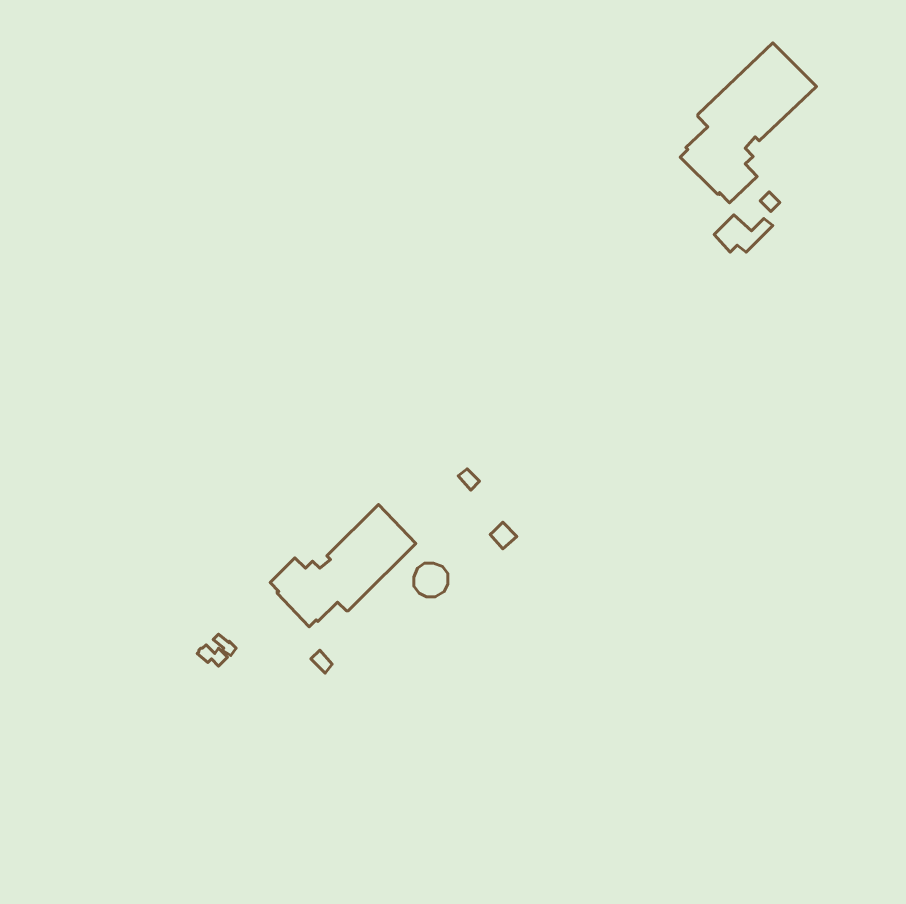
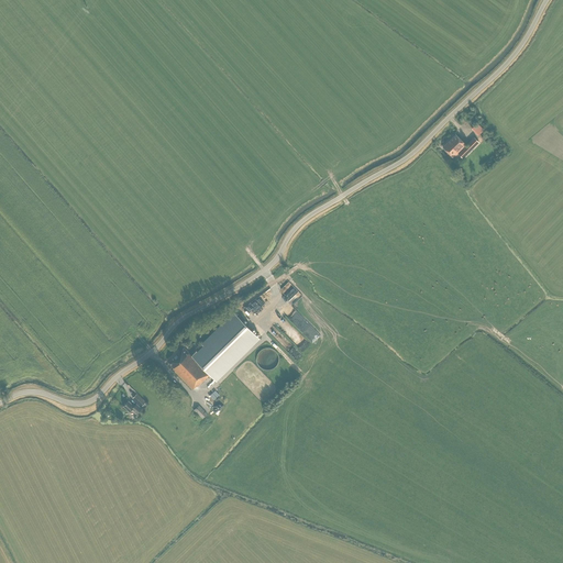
building: [680,43,816,203] -> none

